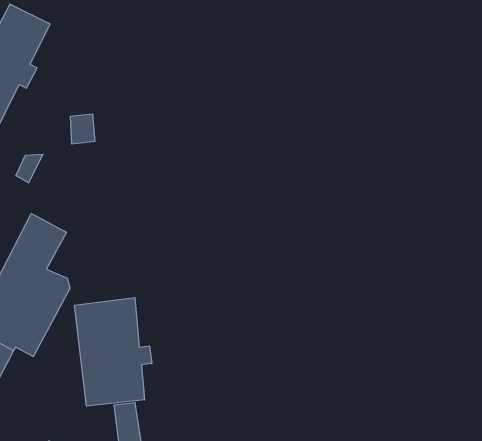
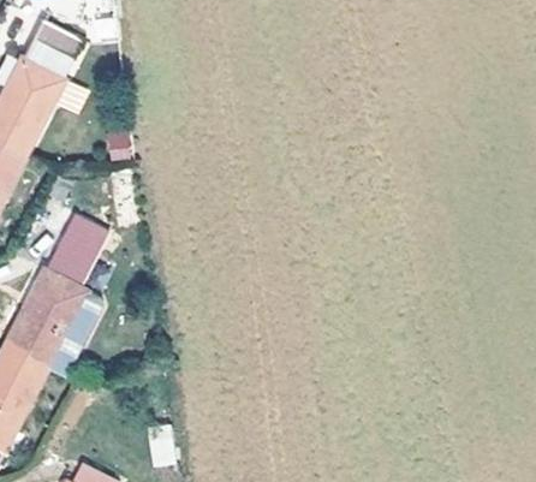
building: [74,297,152,406] -> none

